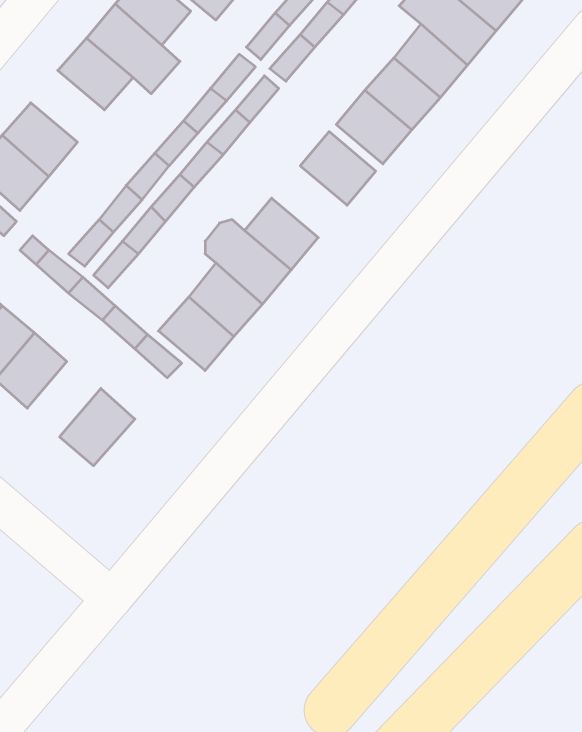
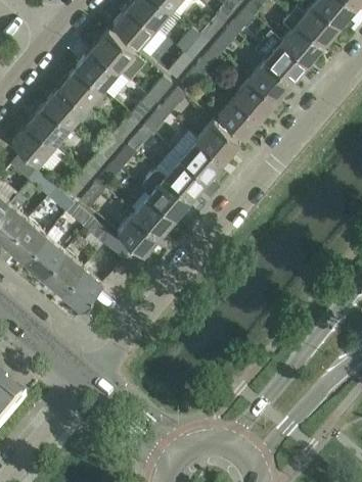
building: none -> [45,84,87,125]
building: none -> [182,138,225,179]
building: none -> [43,249,85,292]

